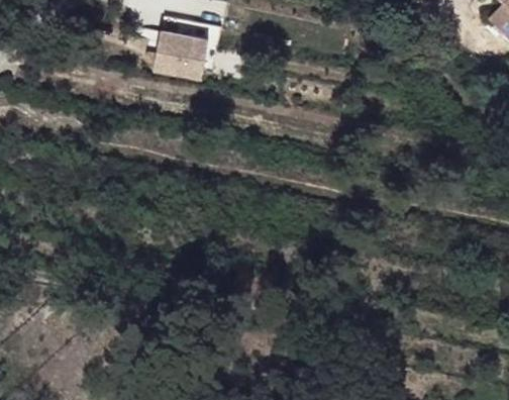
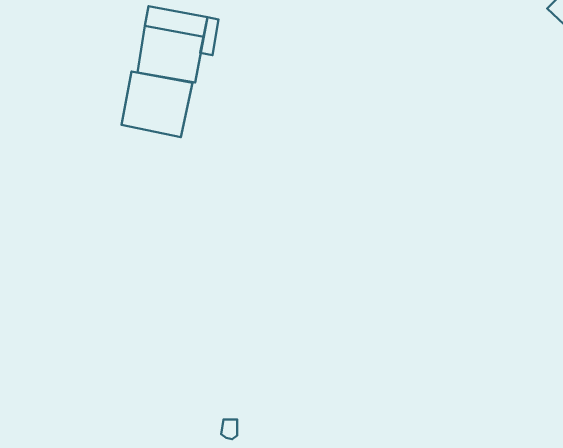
building: none -> [122,71,192,137]

